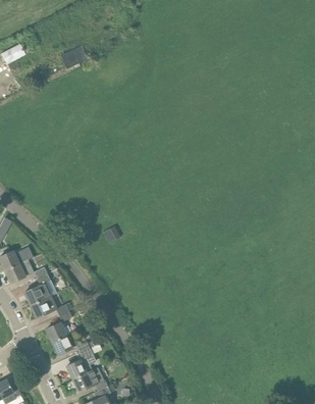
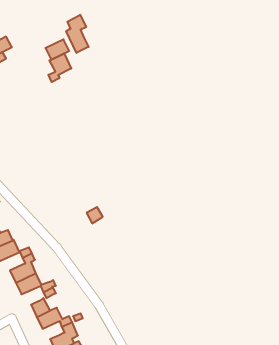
building: none -> [66,15,89,53]
building: none -> [48,53,71,82]

